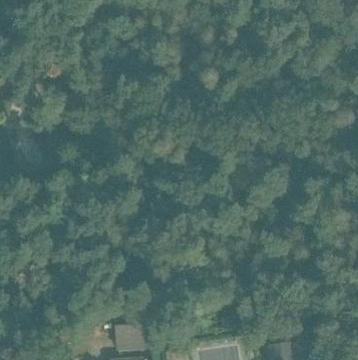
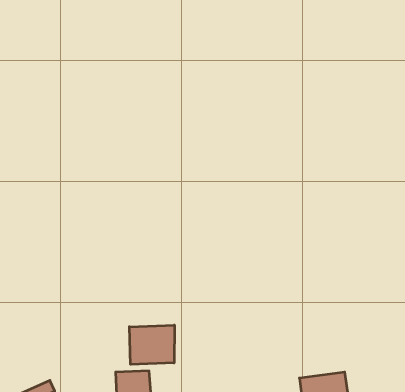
building: none -> [129,325,174,364]

